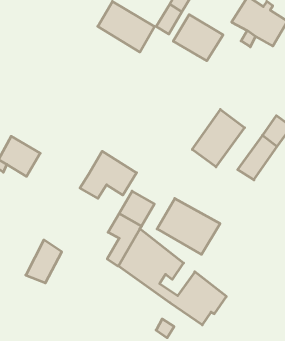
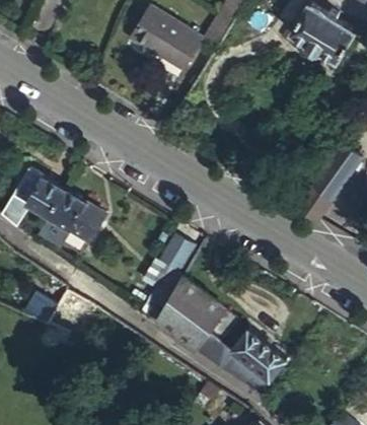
building: [173,15,223,61] -> none
building: [192,109,245,167] -> none
building: [80,151,137,198] -> [38,188,104,243]
building: [157,198,220,254] -> none

